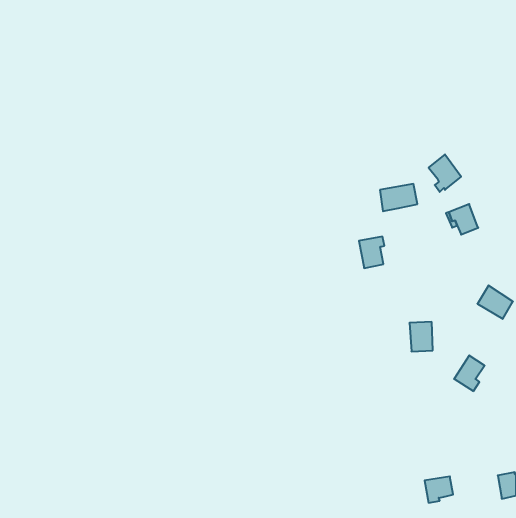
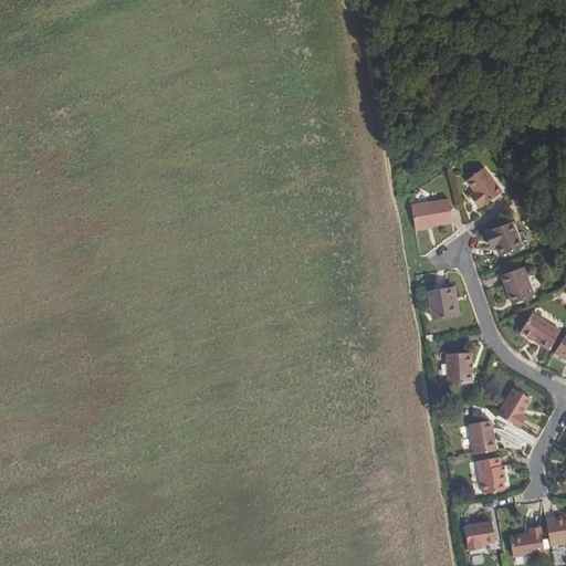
building: [359,237,384,268] -> [428,285,455,319]
building: none -> [502,266,535,302]
building: none -> [468,418,494,452]
building: none -> [476,455,505,491]
building: none -> [506,524,542,555]

